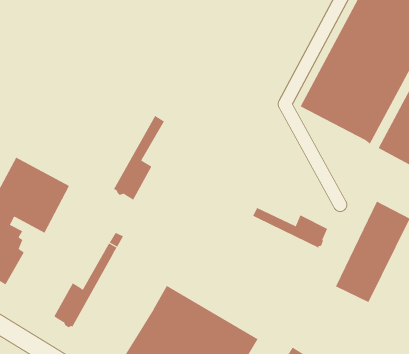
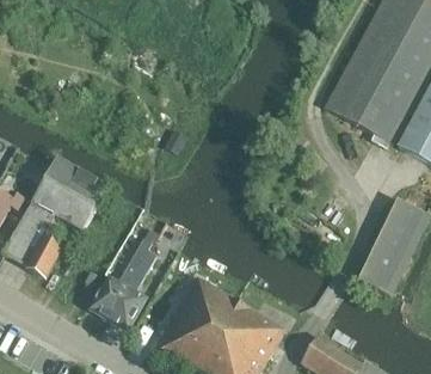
building: [113,115,165,201] -> [109,246,158,327]
building: [253,207,328,248] -> none

